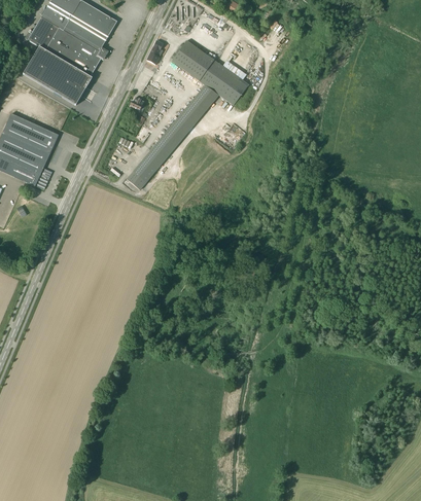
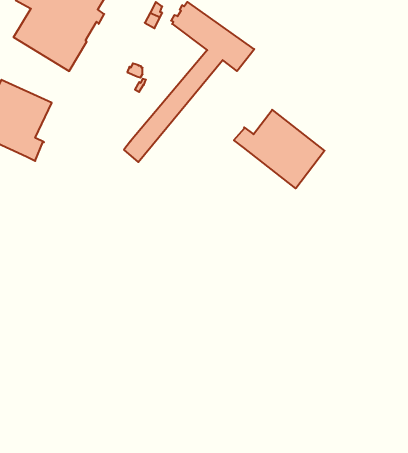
building: none -> [234,110,325,188]

